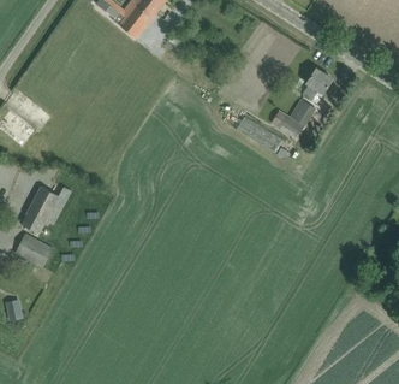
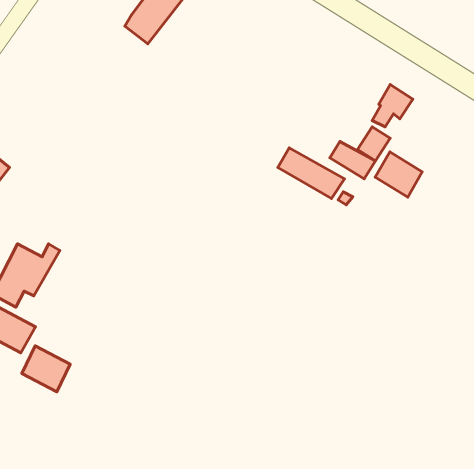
building: none -> [375,152,422,197]
building: none -> [22,346,70,392]

